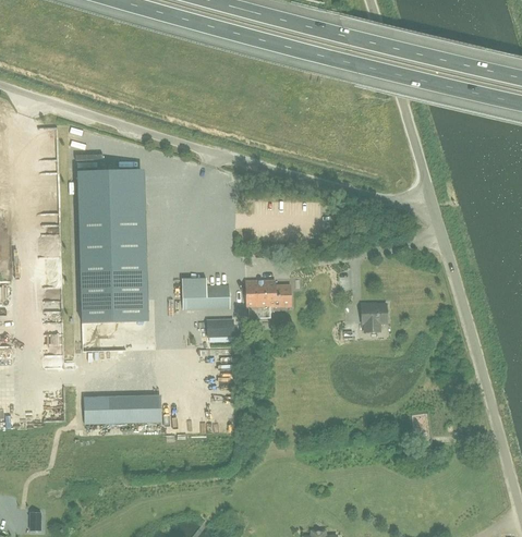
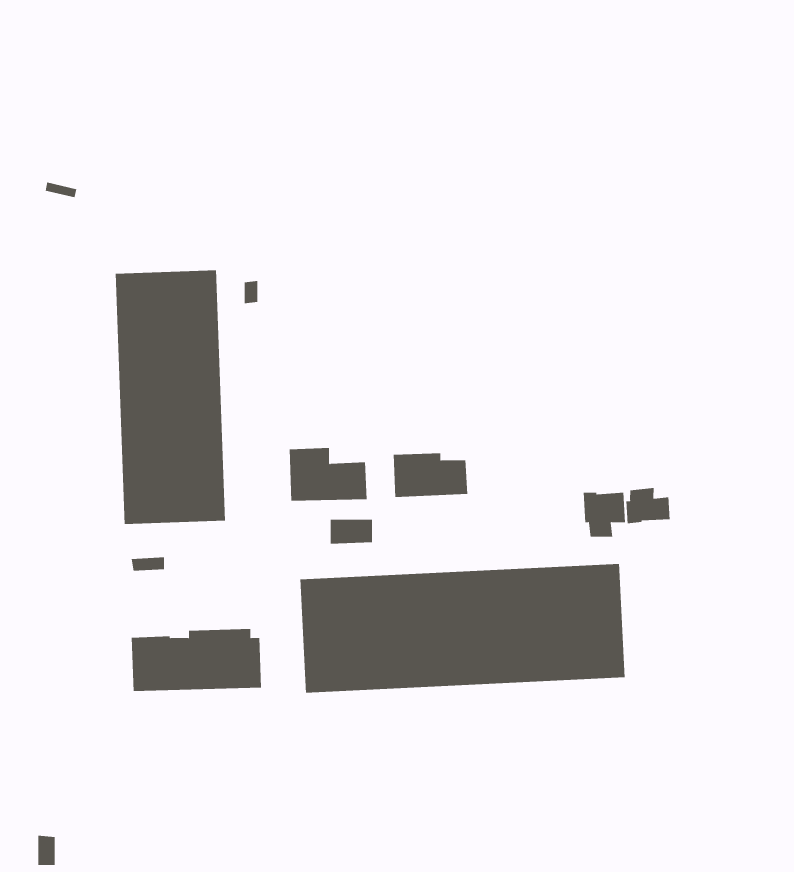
building: none -> [626,487,670,524]
building: none -> [300,563,625,693]

